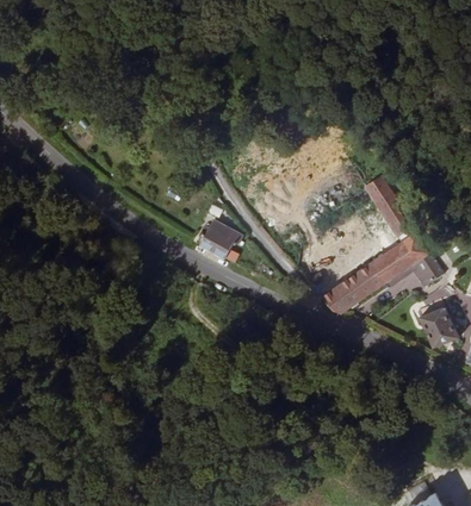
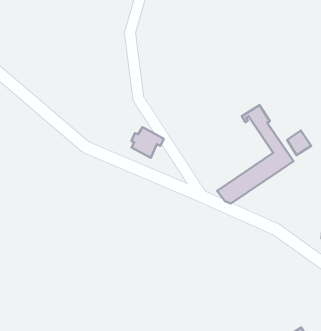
building: [410,254,444,288] -> [287,130,311,155]
building: [419,308,458,350] -> none

